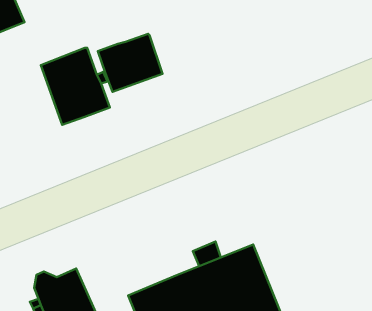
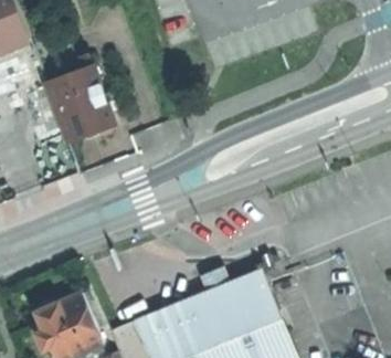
building: [98,34,162,92] -> none

